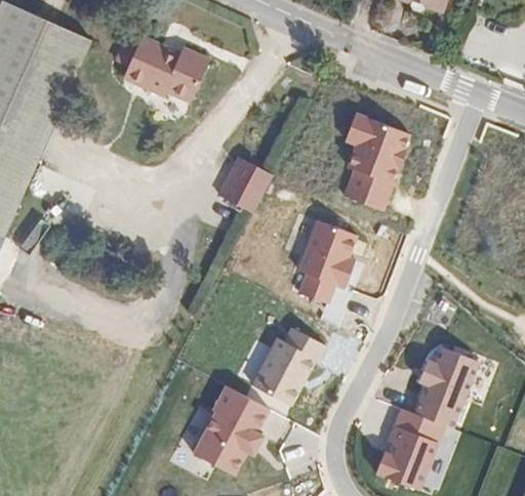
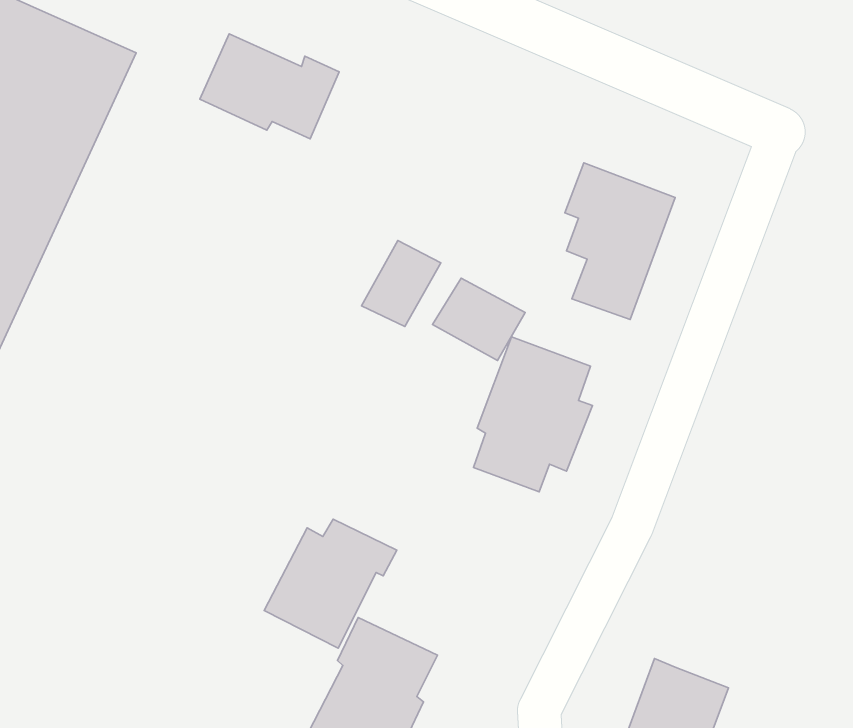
building: none -> [433,278,525,360]
building: [245,327,324,404] -> [264,519,397,648]
building: [409,346,475,428] -> none

